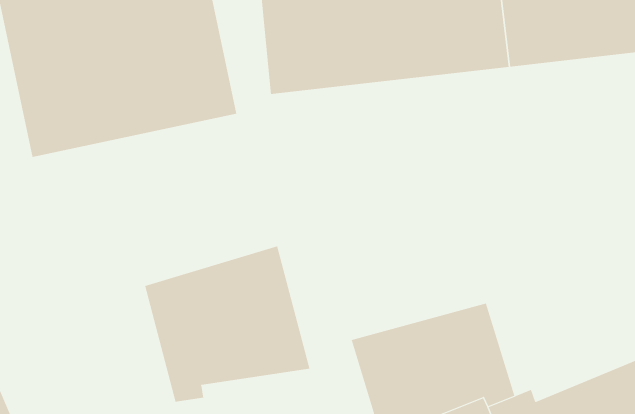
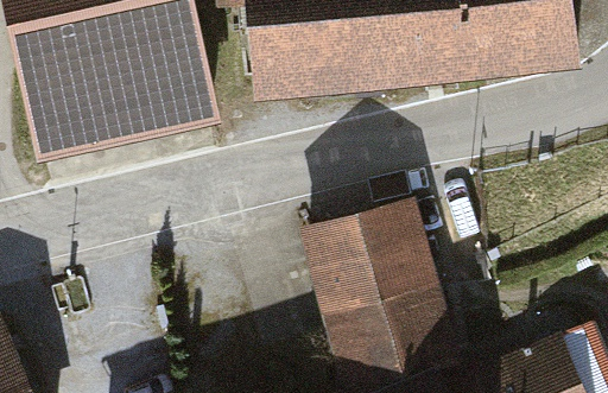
building: none -> [298,199,439,316]
building: [144,246,310,402] -> none

